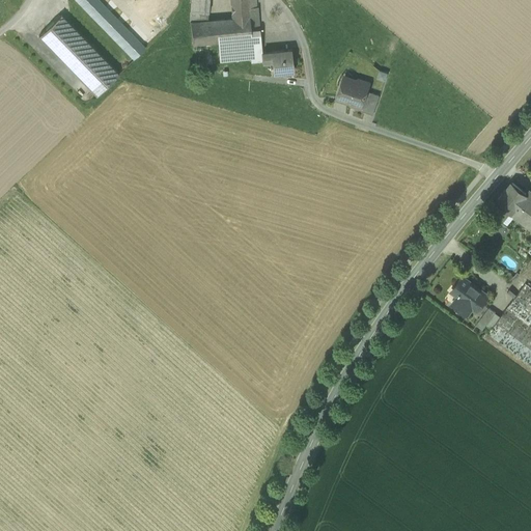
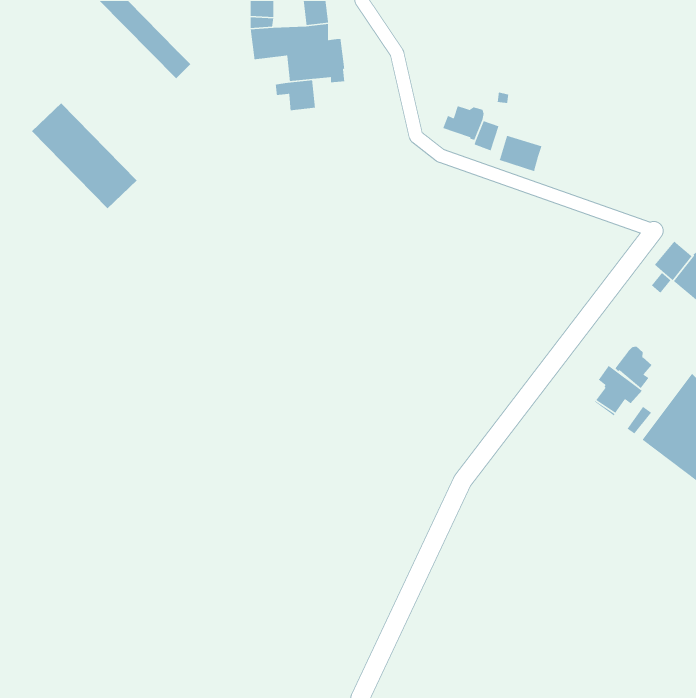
building: [39,16,120,96] -> [31,103,138,209]
building: [262,50,294,74] -> [275,80,316,111]
building: none -> [498,135,542,172]
building: none -> [614,346,653,389]

